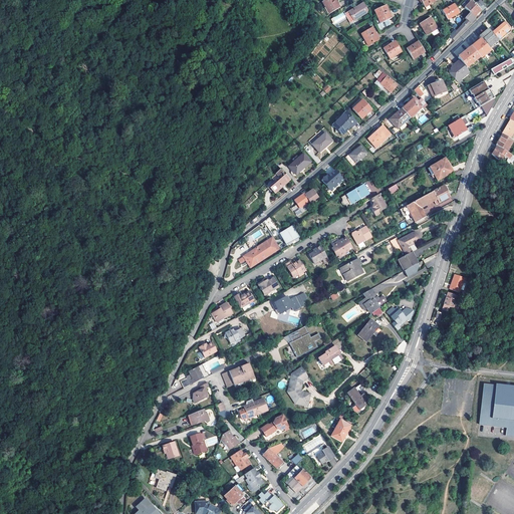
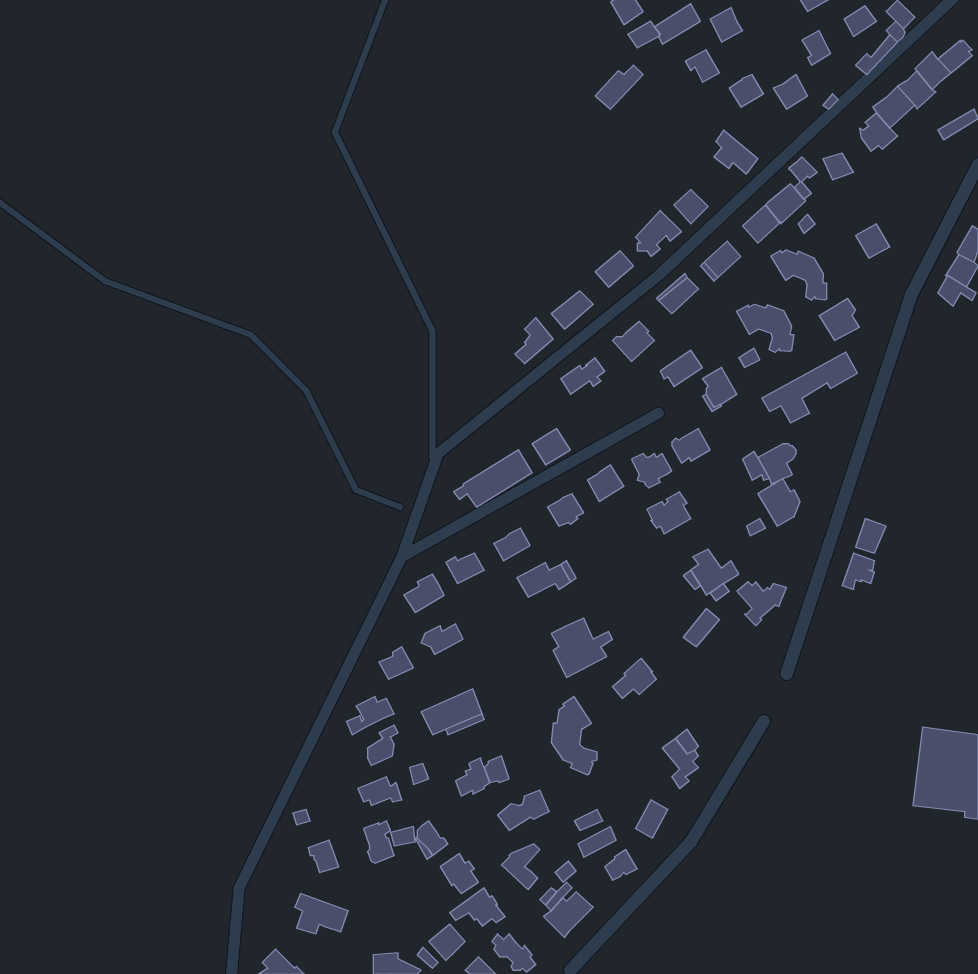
building: [466,79,495,108] -> none
building: none -> [771,250,826,300]
building: none -> [737,304,794,352]

